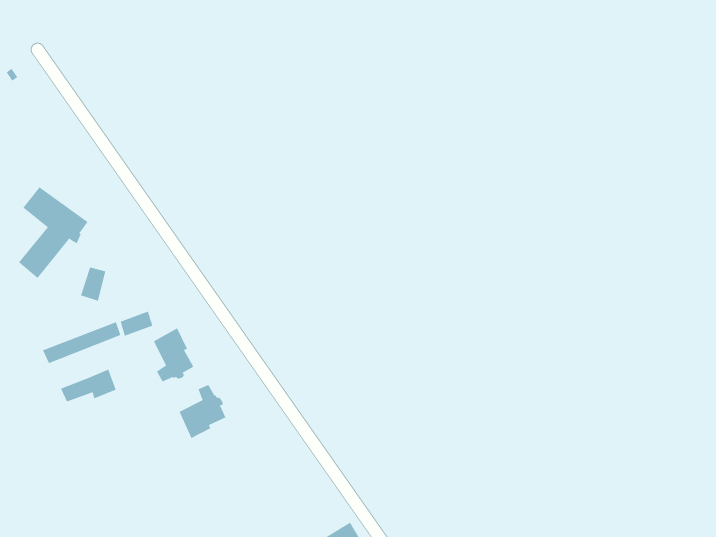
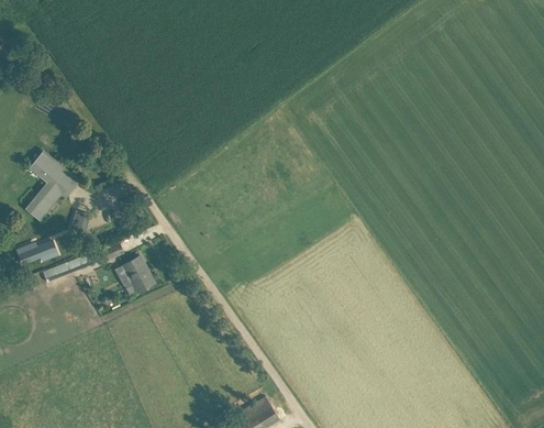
building: [60,369,116,402] -> [16,239,57,263]
building: [179,384,226,439] -> none

